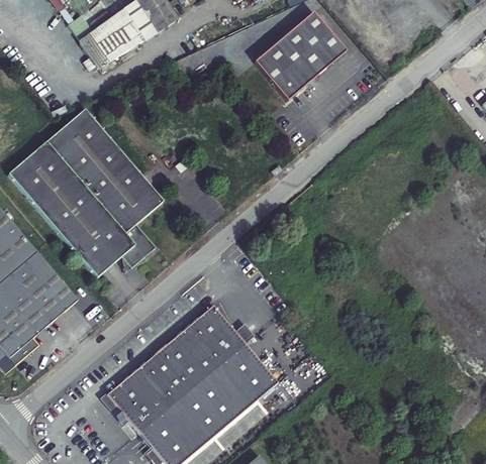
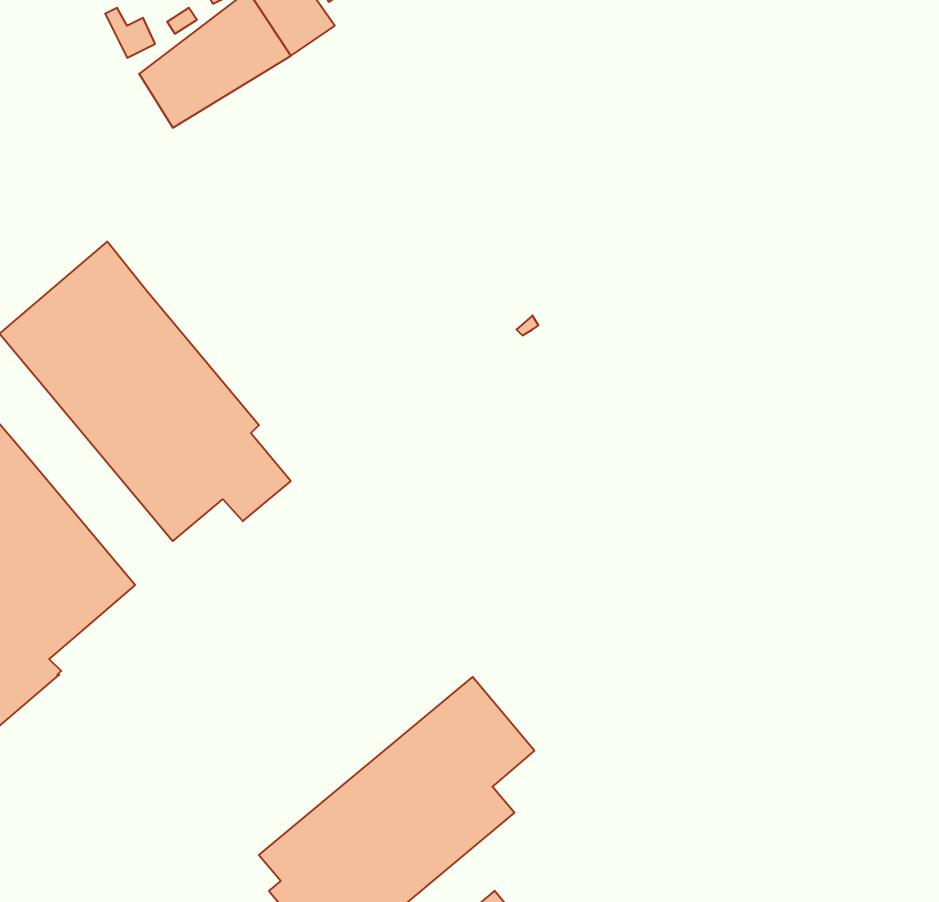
building: [255,11,345,99] -> none
building: [63,107,163,218] -> none
building: [100,305,254,435] -> none

